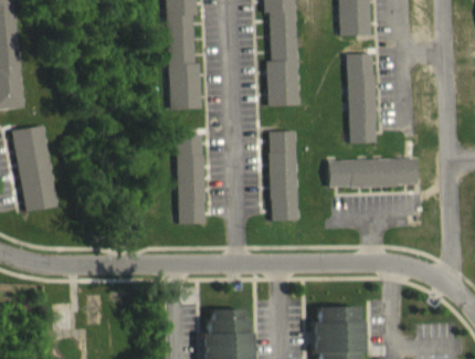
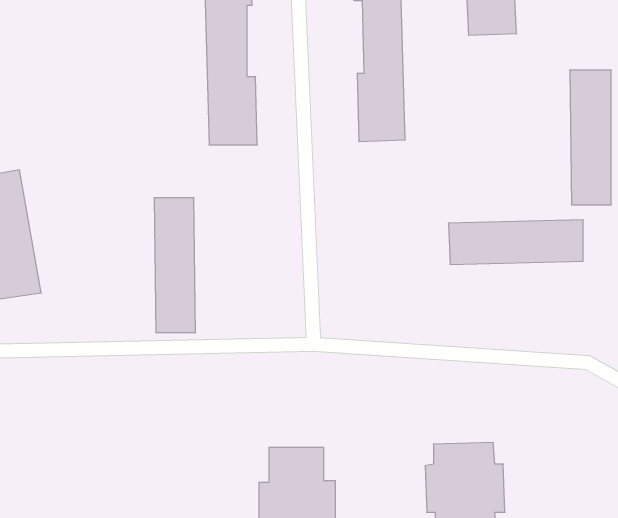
building: [348,53,376,142] -> [570,70,611,205]
building: [270,130,298,221] -> none
building: [177,134,204,223] -> [154,198,196,333]

